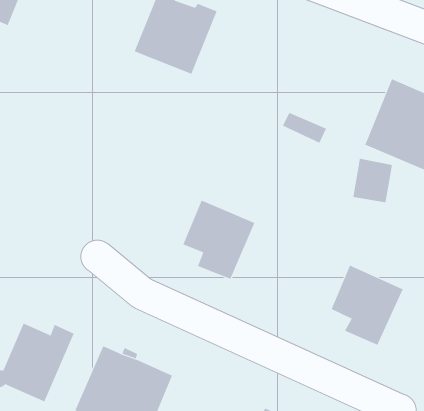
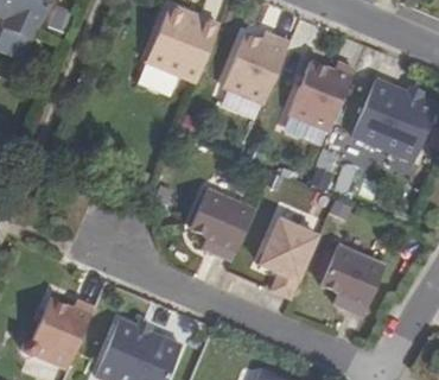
building: none -> [223,32,288,101]
building: none -> [288,59,355,128]
building: none -> [259,218,316,297]

